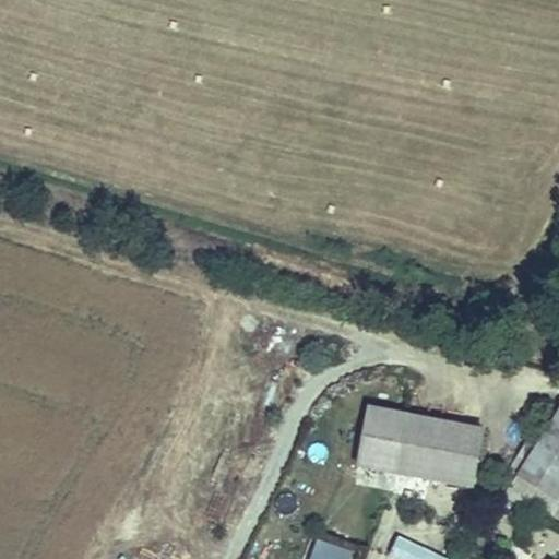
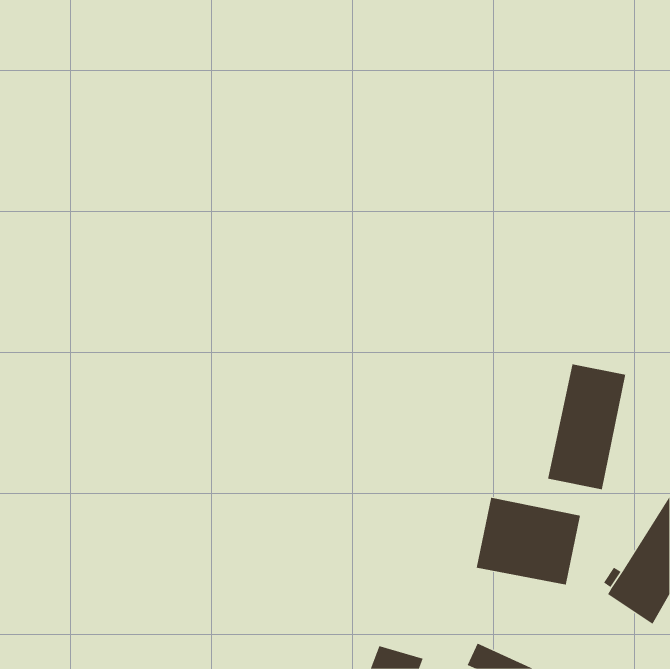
building: none -> [548,364,626,490]
building: [358,406,408,473] -> none

